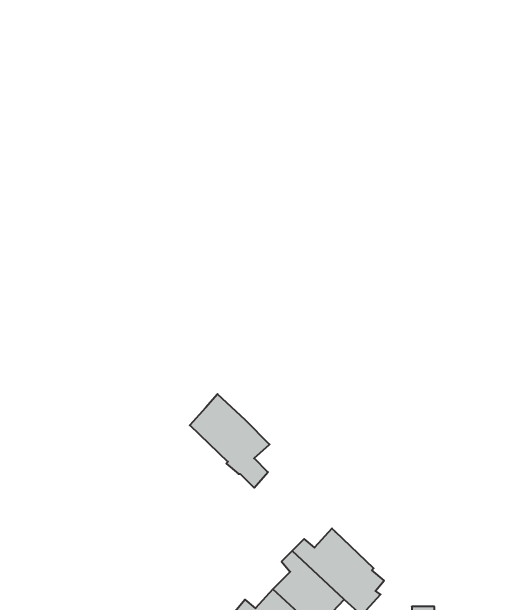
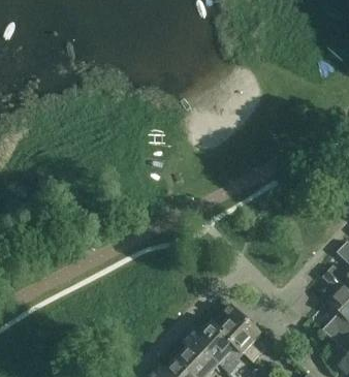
building: [190,394,270,488] -> [214,306,261,362]

